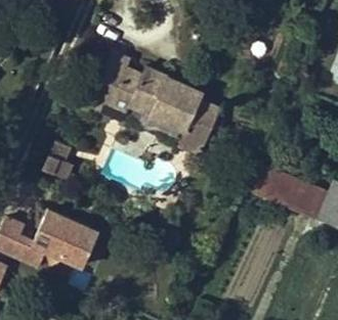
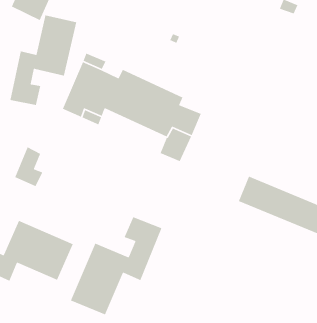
building: none -> [9,15,77,106]
building: none -> [70,216,163,316]

